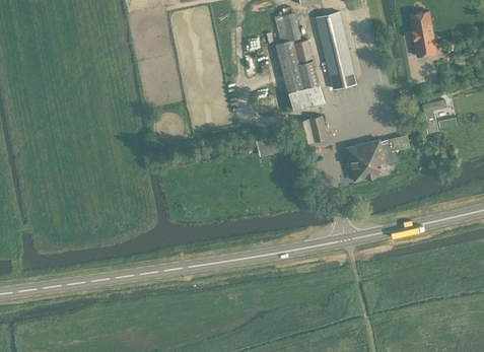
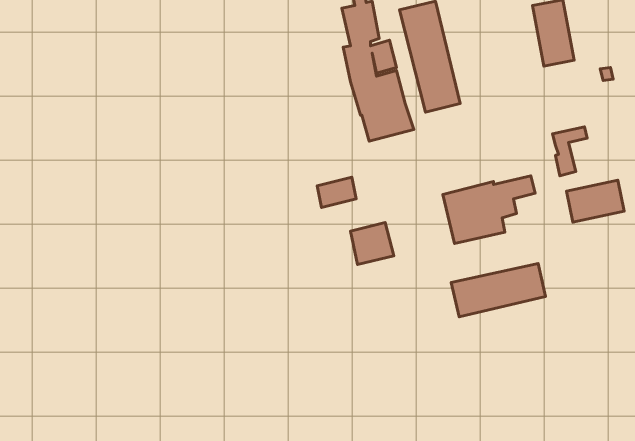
building: [297,115,328,144] -> [350,223,394,265]
building: none -> [566,180,624,222]
building: none -> [451,263,545,317]

